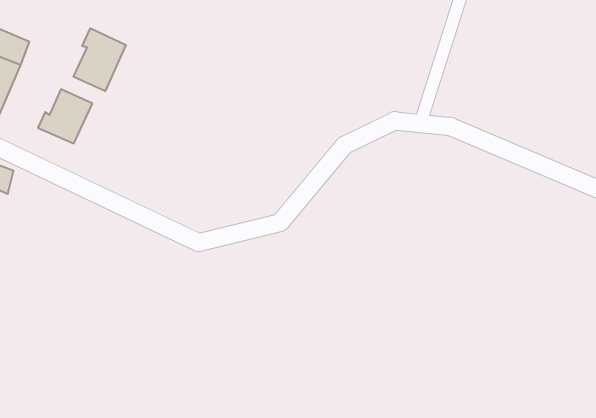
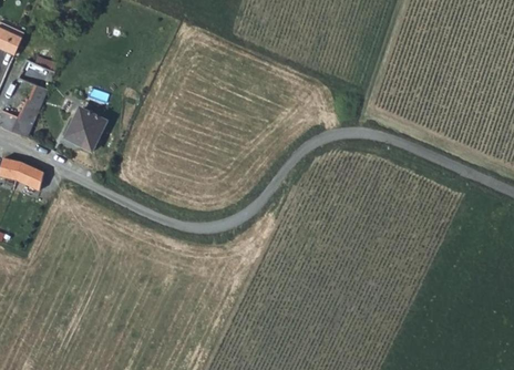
building: [74,28,126,91] -> none

